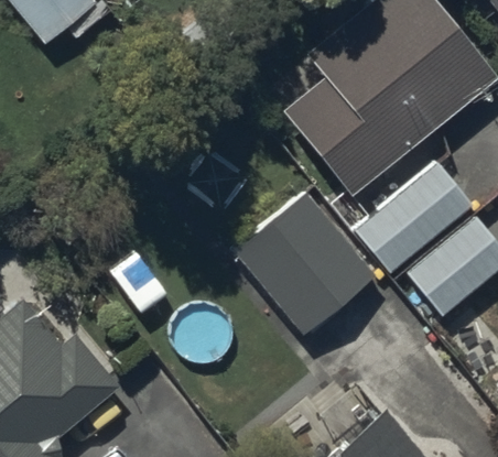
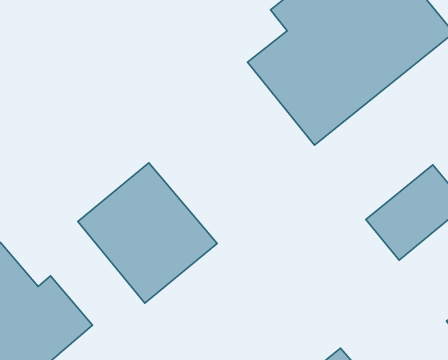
building: [354,160,474,275] -> none
building: [232,188,379,336] -> [78,163,217,303]

